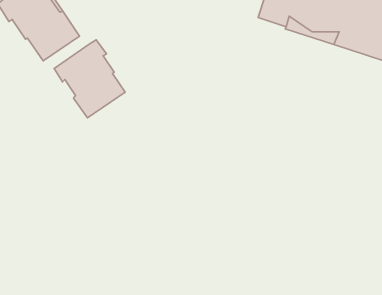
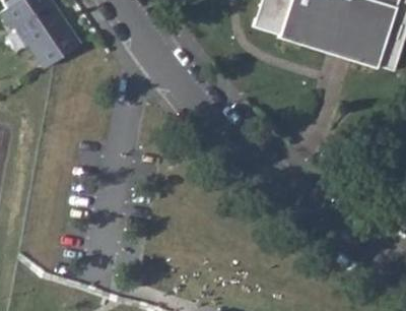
building: [54,40,125,118] -> none

